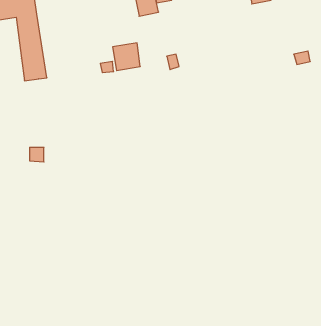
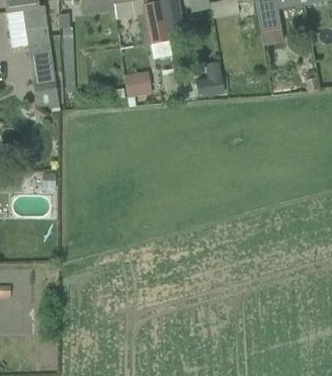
building: none -> [195,60,225,96]

